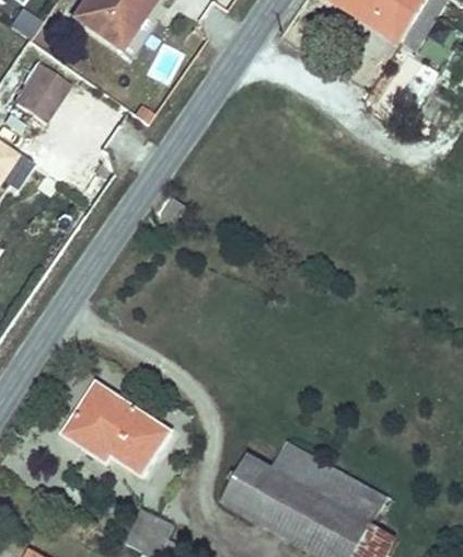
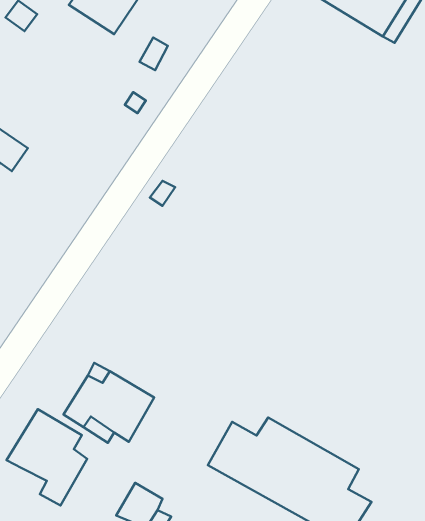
building: [19,68,71,124] -> none
building: none -> [7,409,87,506]

